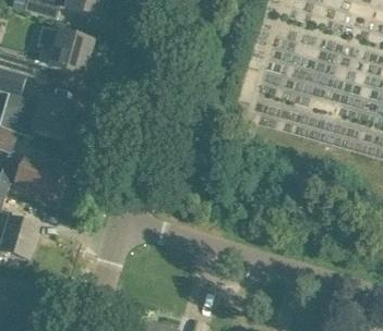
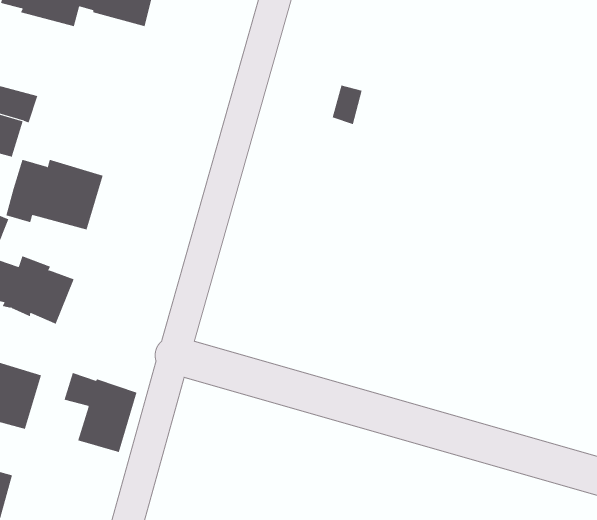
building: [38,28,92,76] -> none
building: none -> [64,372,137,453]

